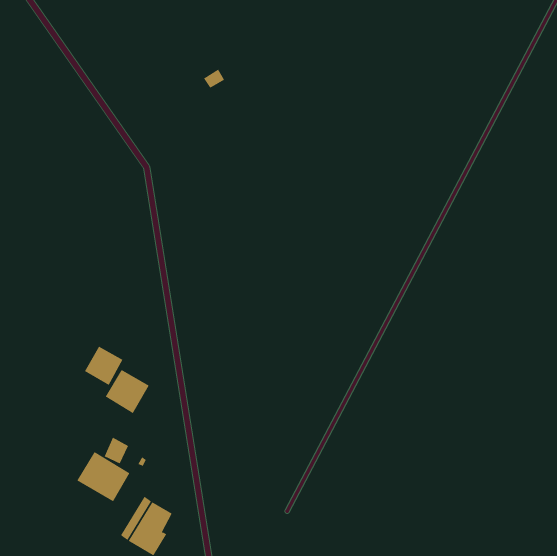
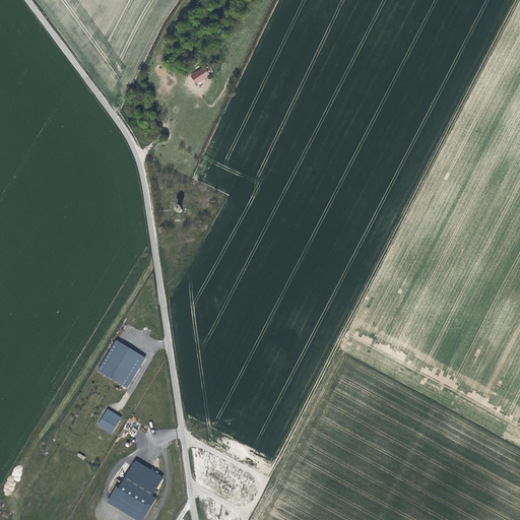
building: [84,346,123,386] -> none
building: [76,451,130,502] -> none

